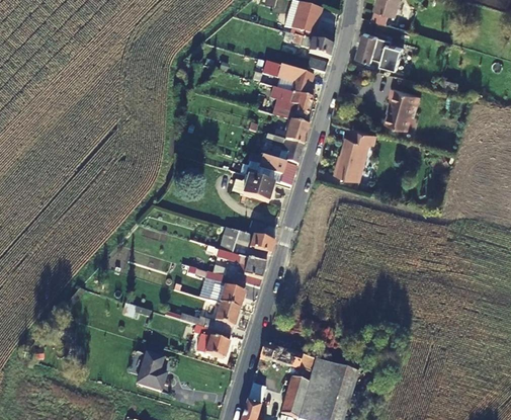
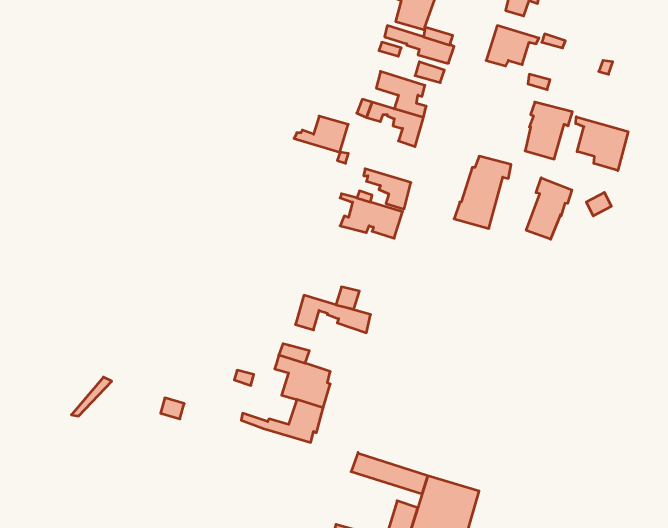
building: none -> [576,117,628,171]
building: [270,118,310,145] -> [294,116,348,152]
building: none -> [526,178,572,239]
building: [238,174,277,204] -> none
building: [212,247,268,279] -> none
building: [194,324,231,358] -> none
building: [138,352,167,390] -> none

